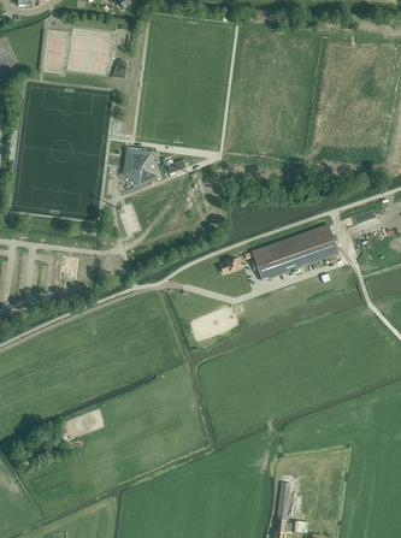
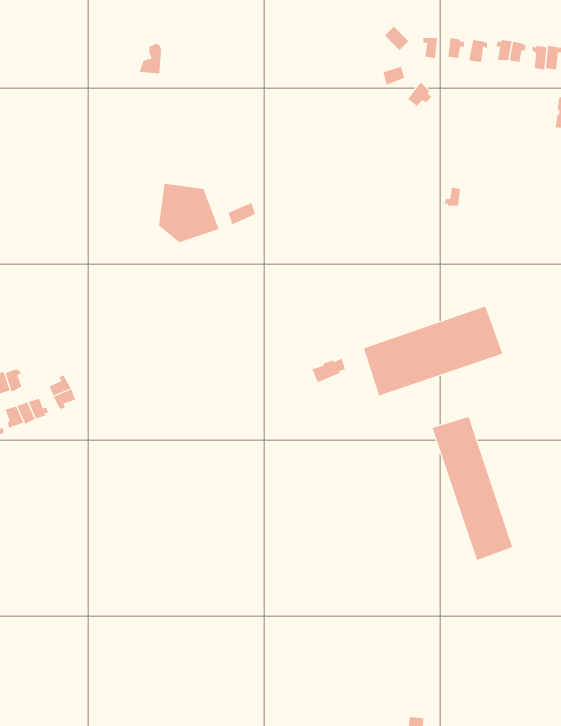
building: none -> [432,416,513,561]

